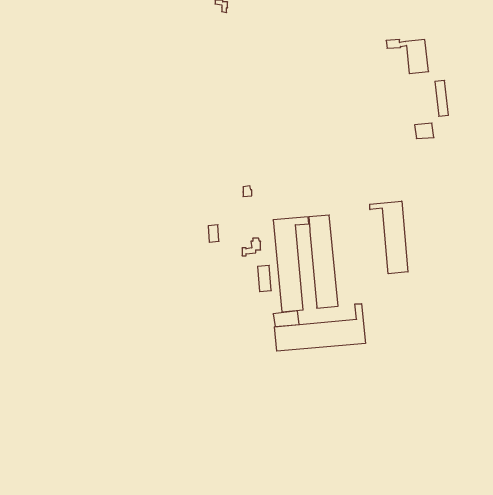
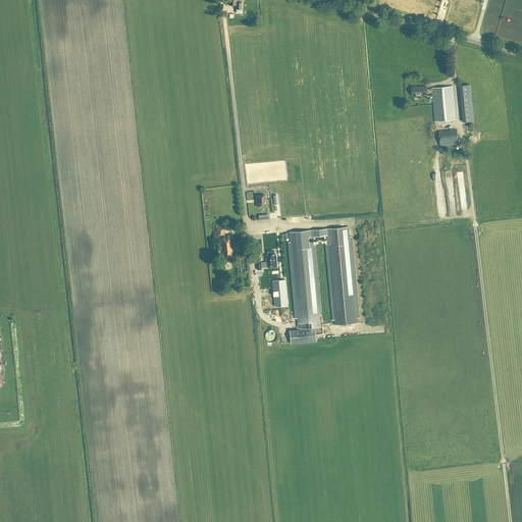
building: [386,40,429,74] -> [410,87,455,122]
building: [370,201,408,274] -> none
building: [275,304,365,351] -> none

